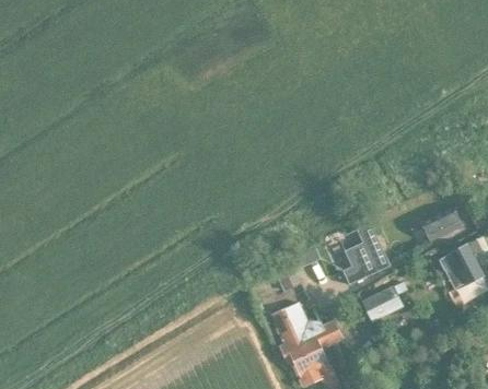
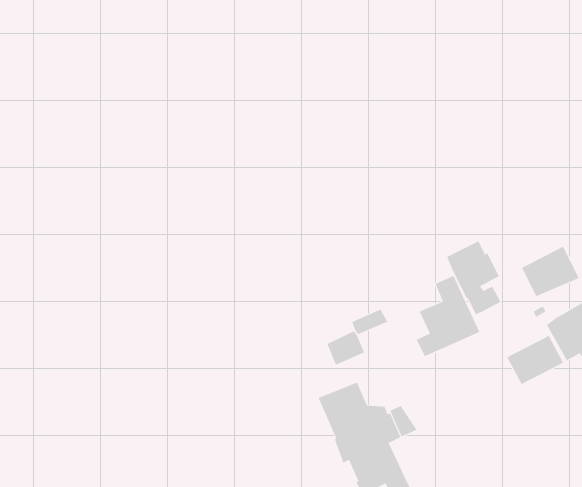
building: none -> [447,241,501,315]
building: [360,285,403,322] -> [507,335,564,385]

